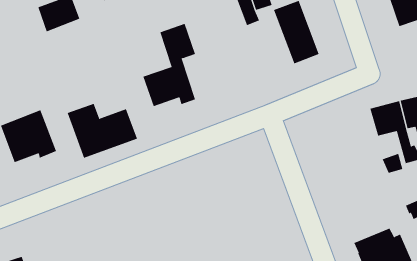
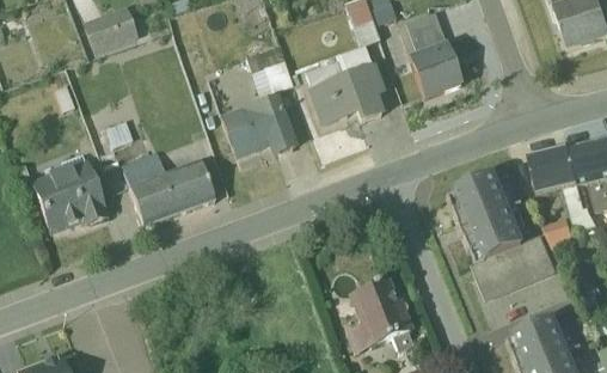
building: none -> [305,61,382,122]
building: none -> [446,173,557,300]
building: none -> [347,281,413,351]

